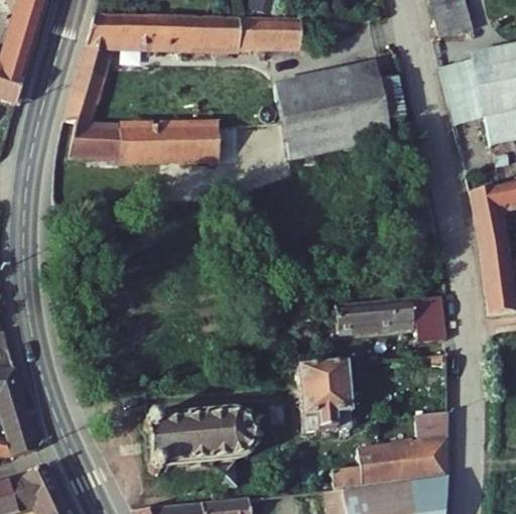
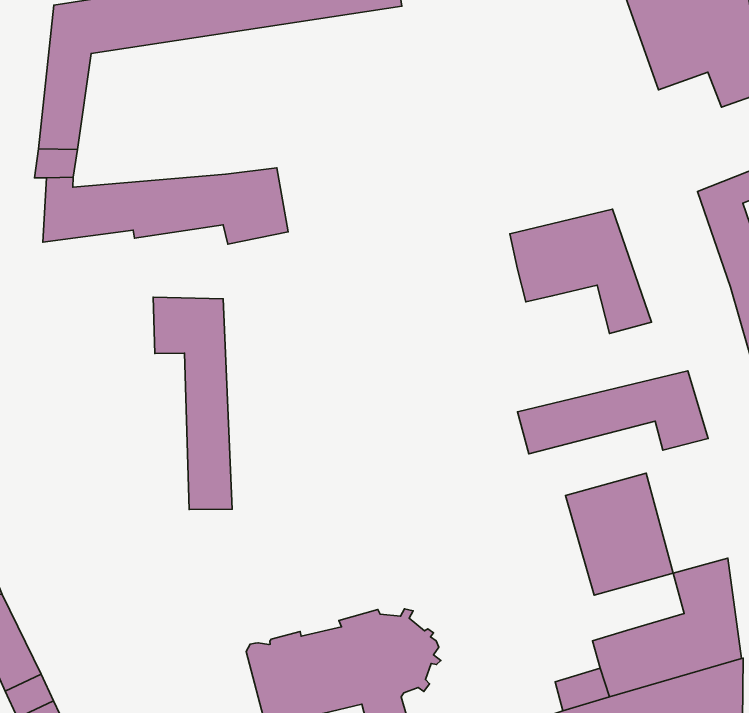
building: [281,60,411,158] -> none
building: none -> [510,209,652,334]
building: none -> [153,297,232,510]
building: [298,360,356,428] -> [565,473,673,595]

